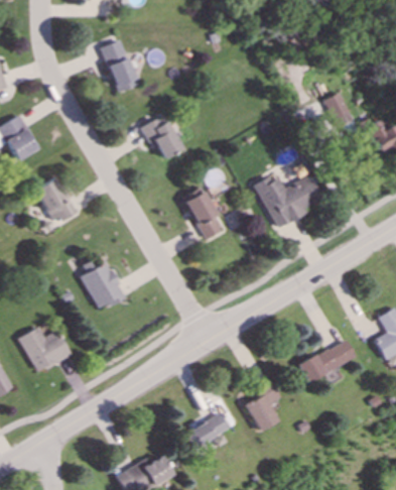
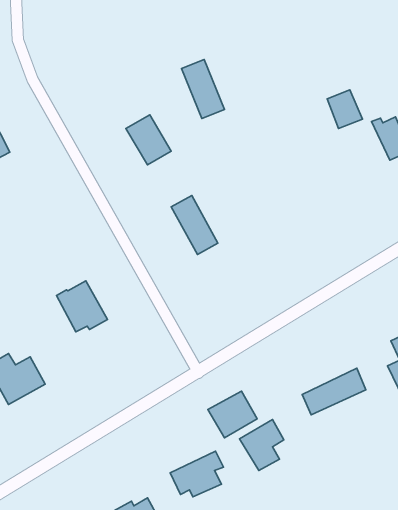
building: [100,39,138,92] -> [181,59,225,119]
building: [254,173,320,228] -> none
building: [36,177,74,223] -> none
building: none -> [208,391,257,438]

